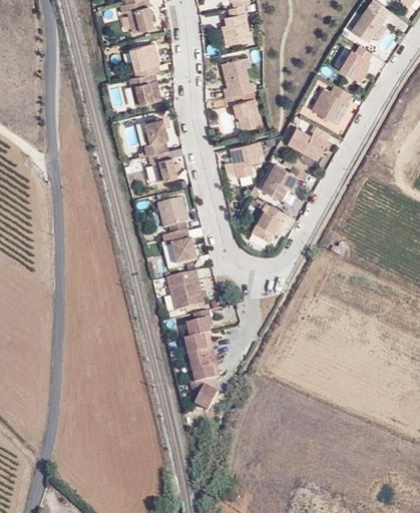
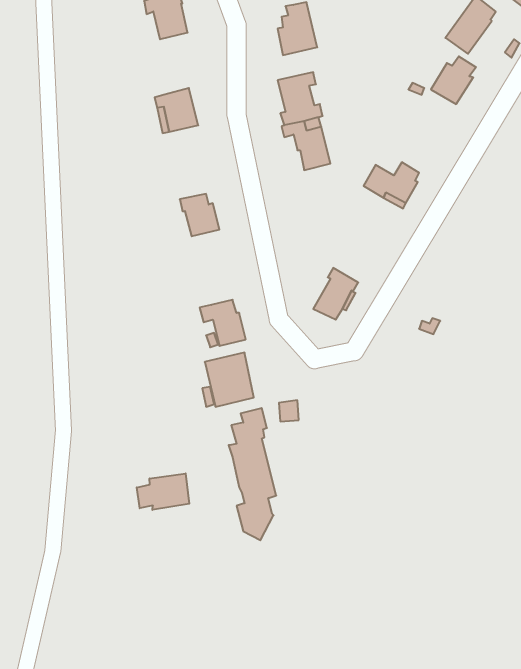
building: [128,41,159,74] -> none
building: [311,84,351,124] -> none
building: [143,119,167,154] -> none
building: [230,143,263,181] -> none
building: [259,166,306,203] -> none
building: [157,197,188,233] -> none
building: none -> [137,473,189,510]

